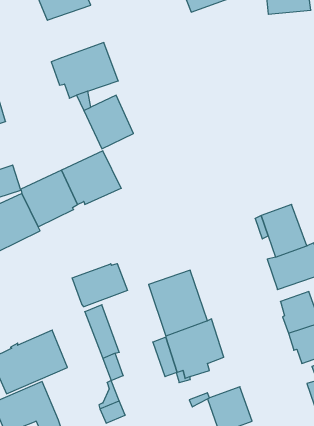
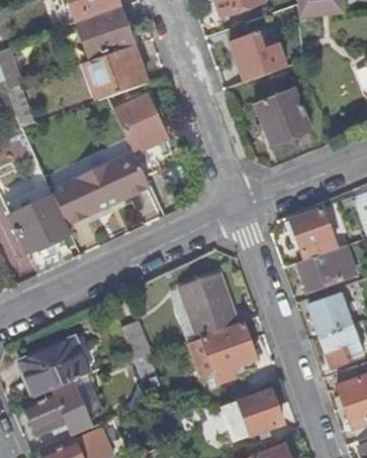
building: none -> [78,7,134,60]
building: none -> [231,28,289,81]
building: none -> [256,88,311,146]
building: [72,264,127,307] -> none

